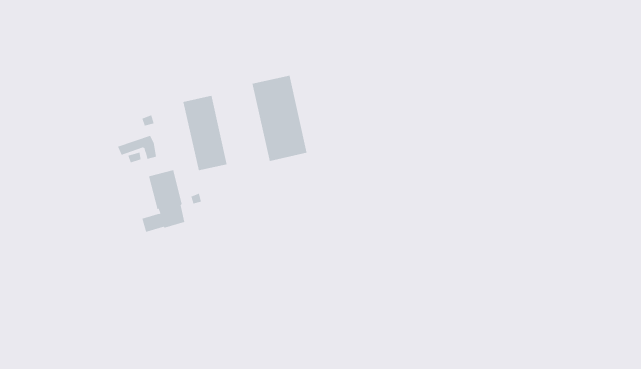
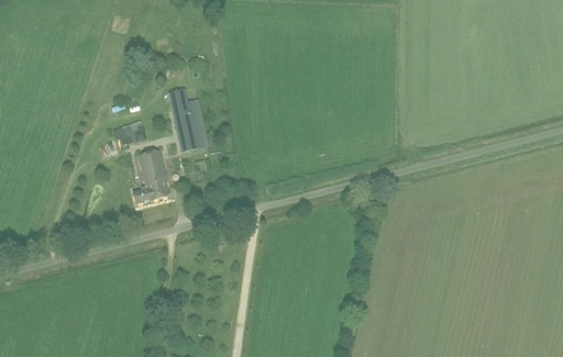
building: [252,75,307,162] -> none

